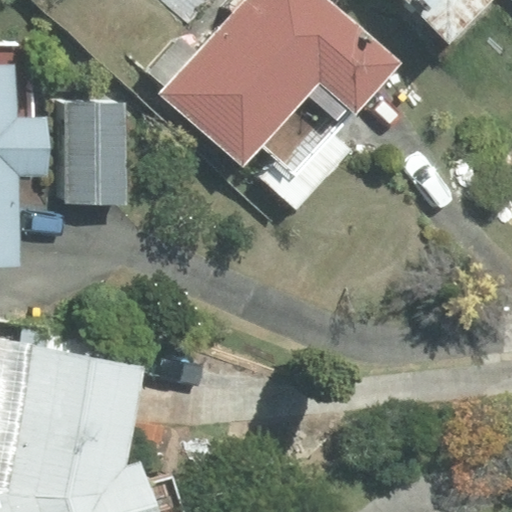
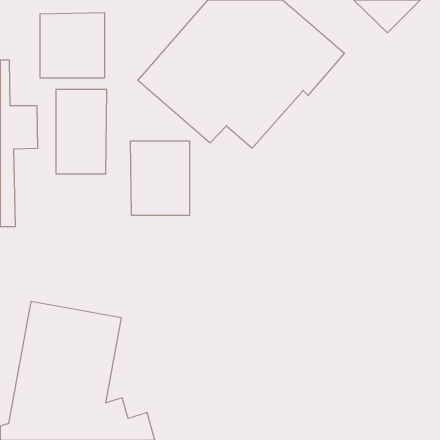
building: none -> [40,13,104,78]
building: none -> [131,141,189,215]

